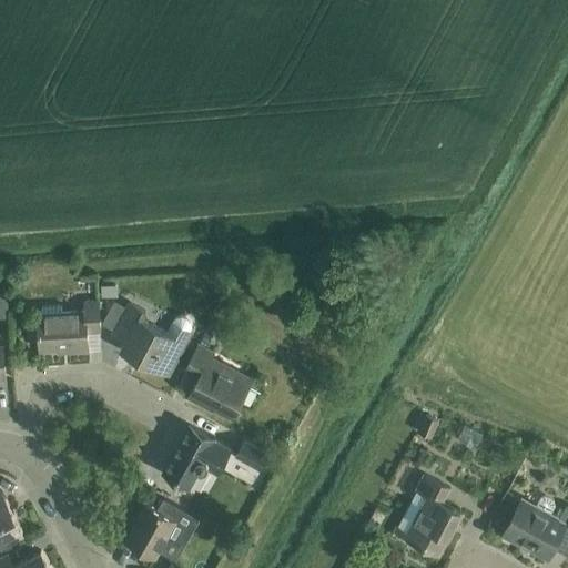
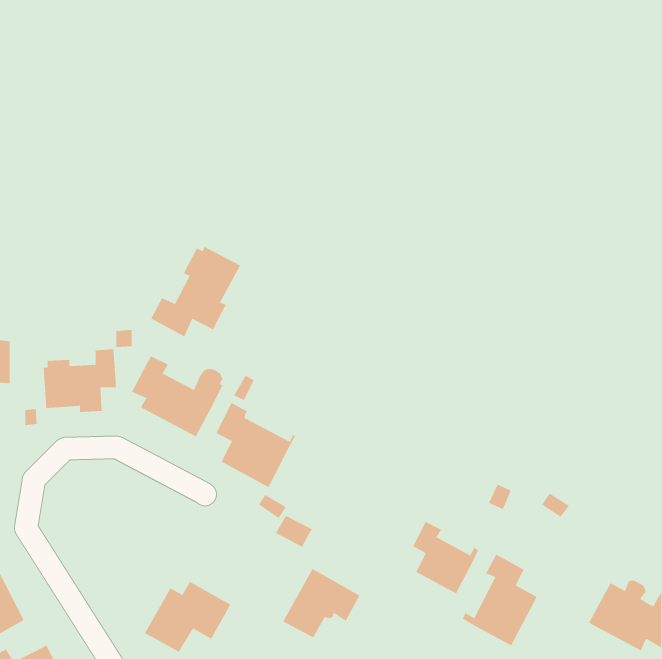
building: none -> [150,246,241,337]
building: [162,429,229,489] -> [282,568,360,638]
building: none -> [412,521,479,594]

